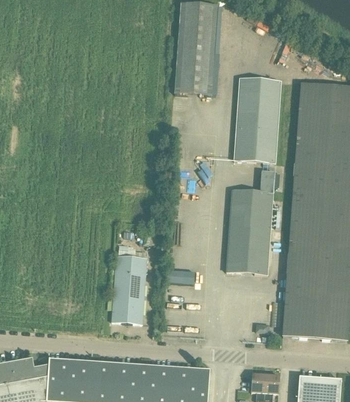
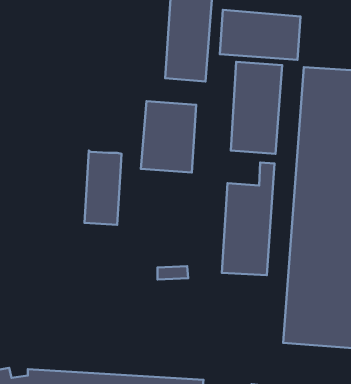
building: none -> [220,10,301,60]
building: none -> [141,101,196,173]
building: [112,254,146,322] -> [84,151,121,225]

